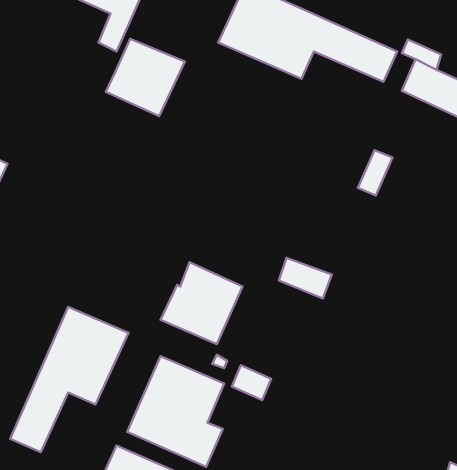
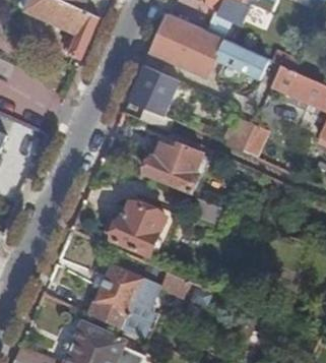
building: [106,39,185,116] -> [127,65,180,117]
building: none -> [143,142,203,190]
building: [10,307,128,452] -> none

